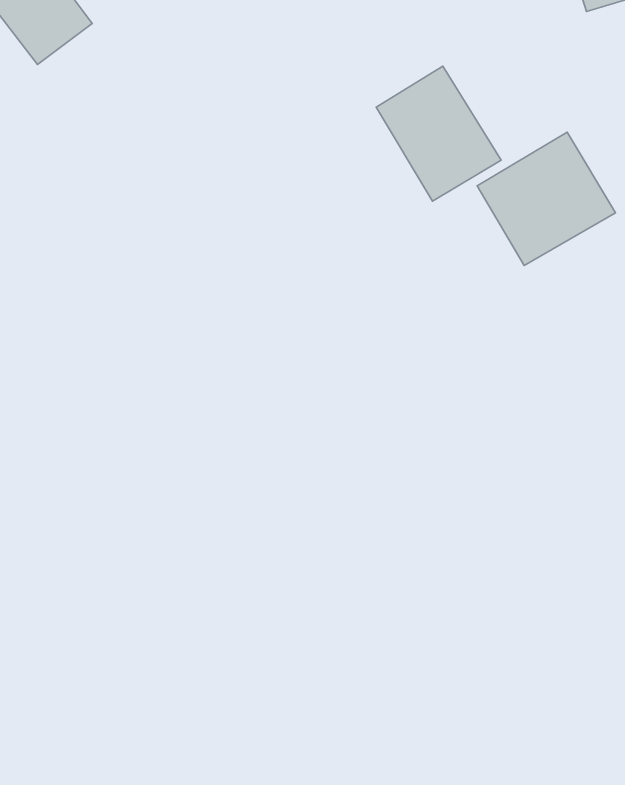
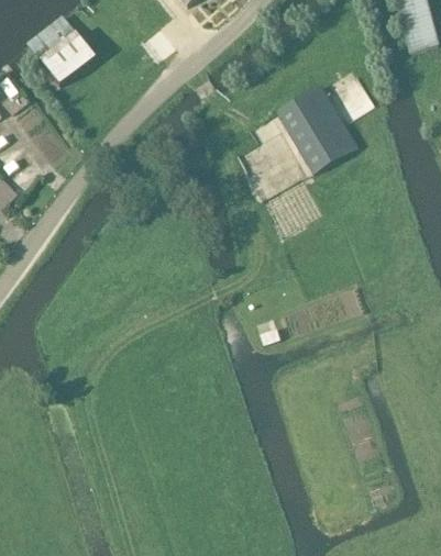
building: [477,132,616,266] -> none

